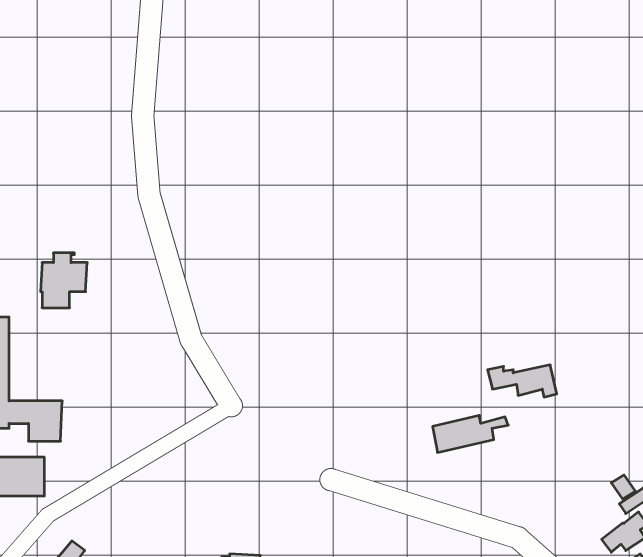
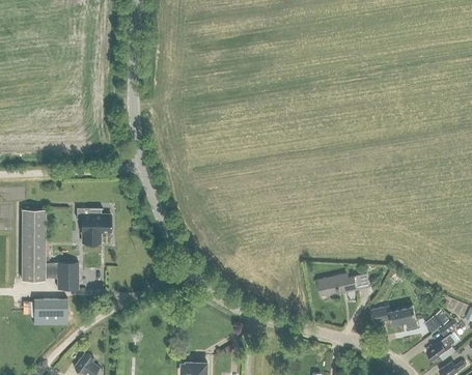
building: [41,253,87,308] -> [81,208,111,243]
building: [488,365,557,397] -> [372,307,417,327]

